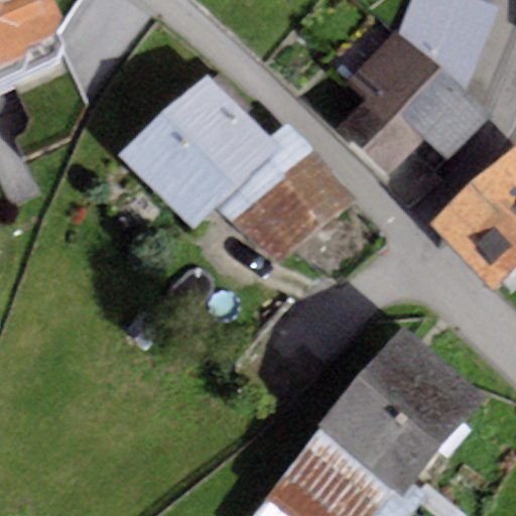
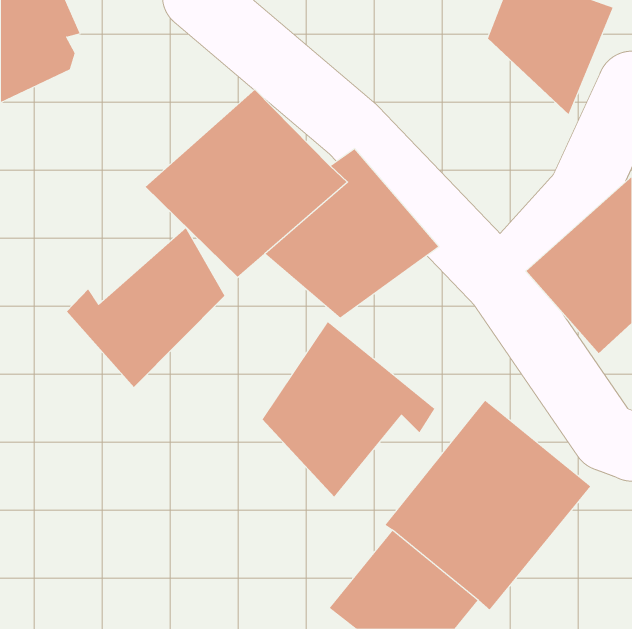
building: [339,31,489,199] -> none
building: none -> [66,227,225,388]
building: none -> [262,321,435,497]

